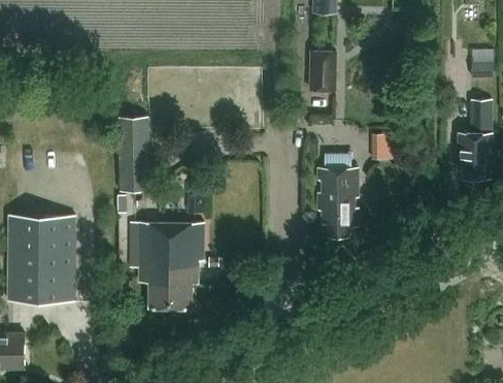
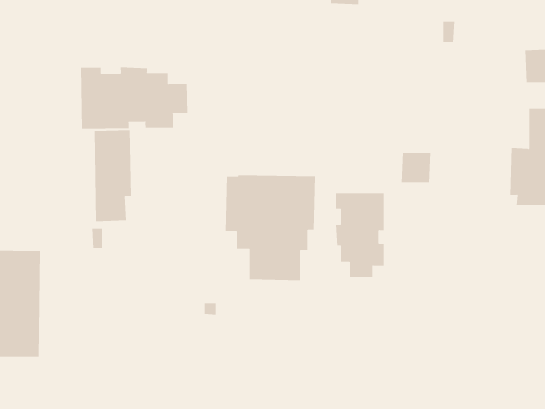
building: [310,50,337,92] -> none
building: none -> [81,67,188,129]
building: [129,222,203,309] -> [225,175,316,281]

